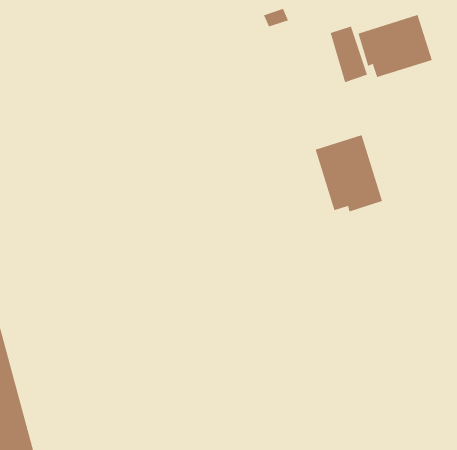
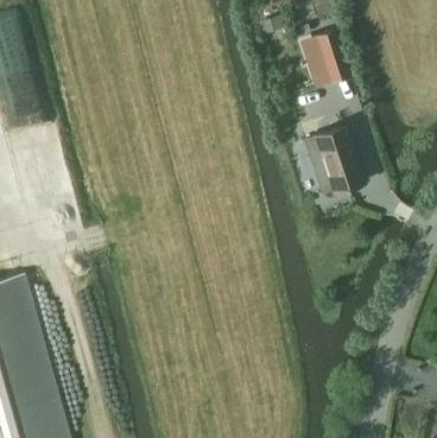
building: [358,14,432,78] -> none

